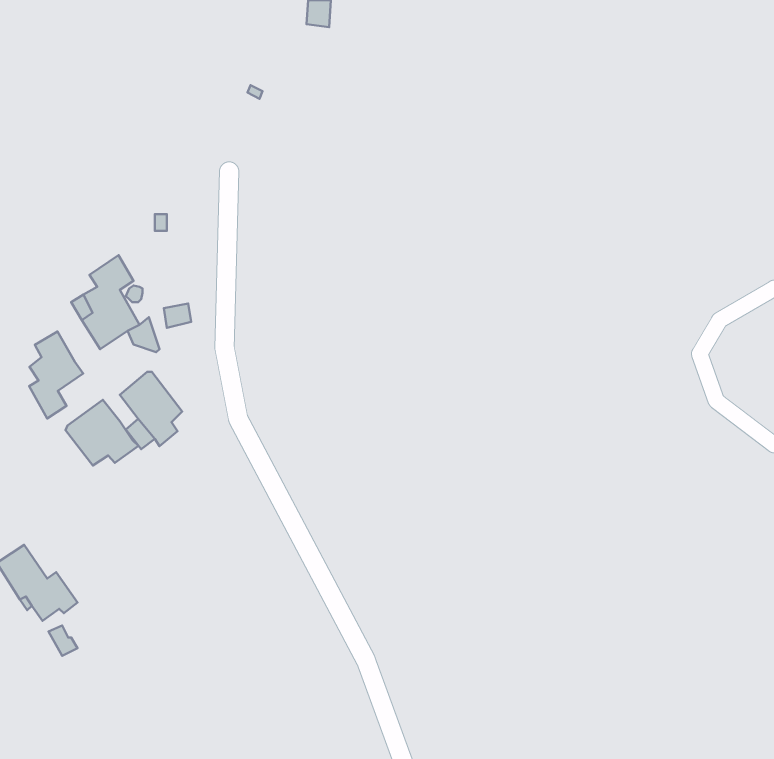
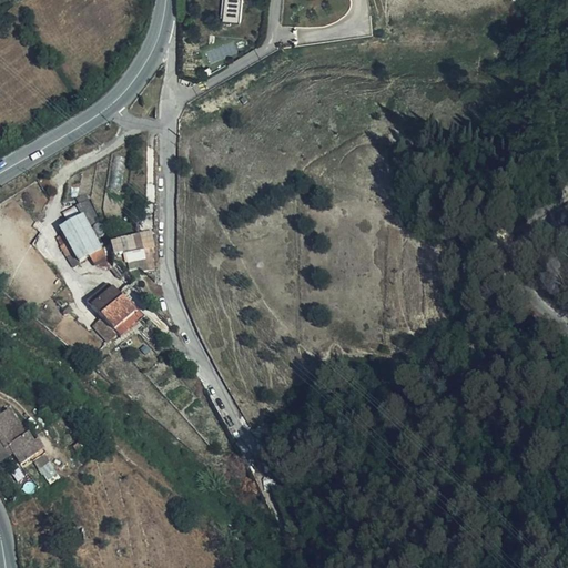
building: [29,332,83,418] -> none
building: [66,400,138,465] -> none

